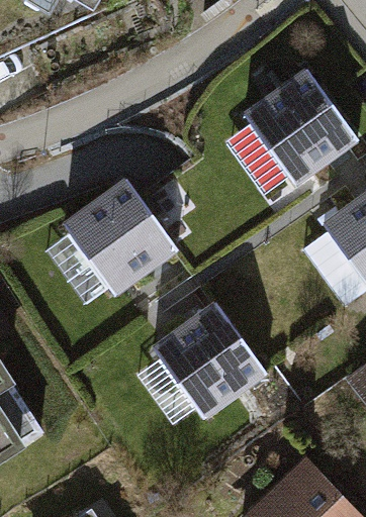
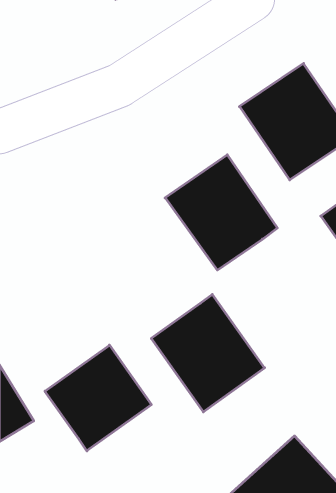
building: [64,181,177,297] -> [165,155,277,270]
building: none -> [45,345,151,451]

